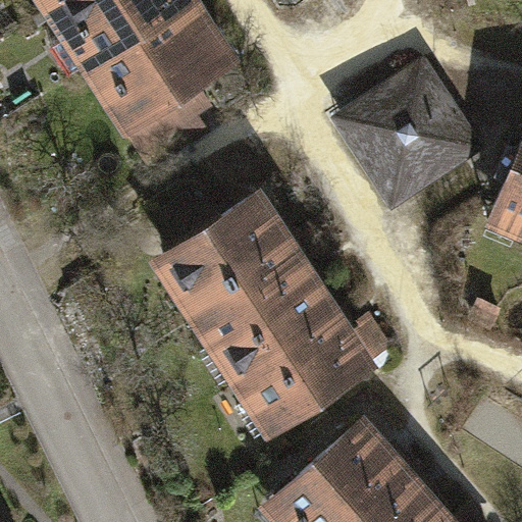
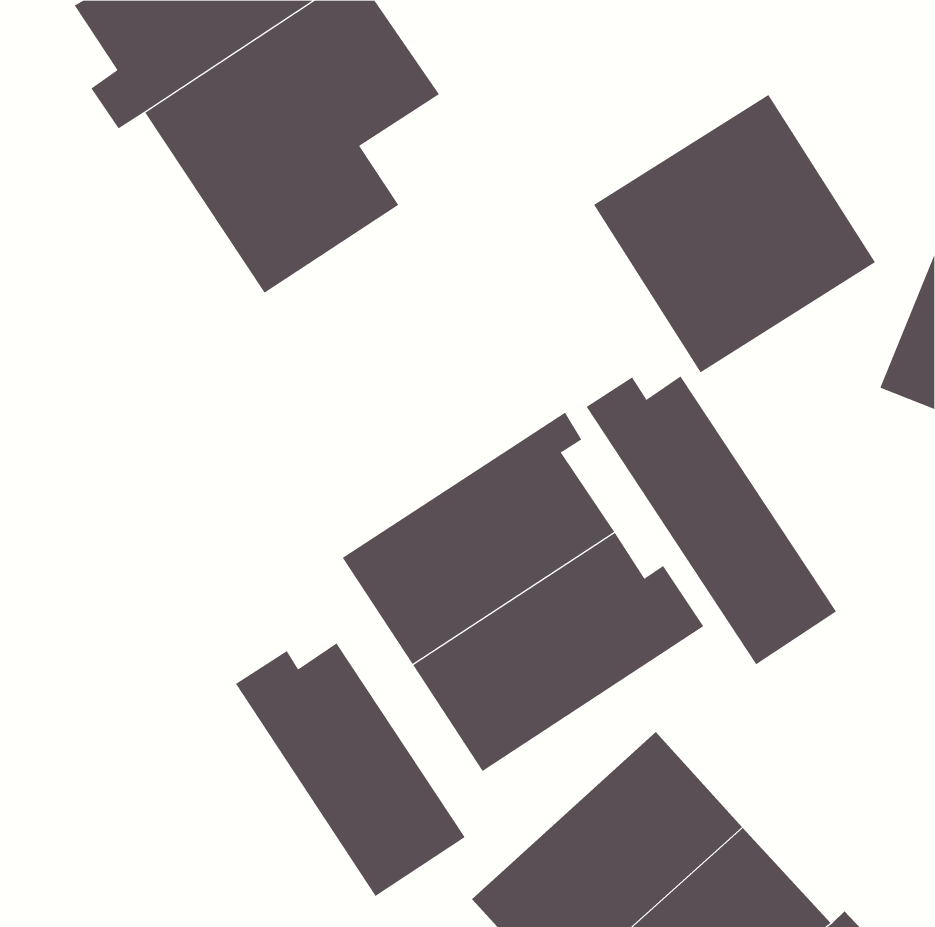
building: [150,186,312,317] -> none
building: none -> [586,375,837,665]
building: none -> [235,643,466,897]

